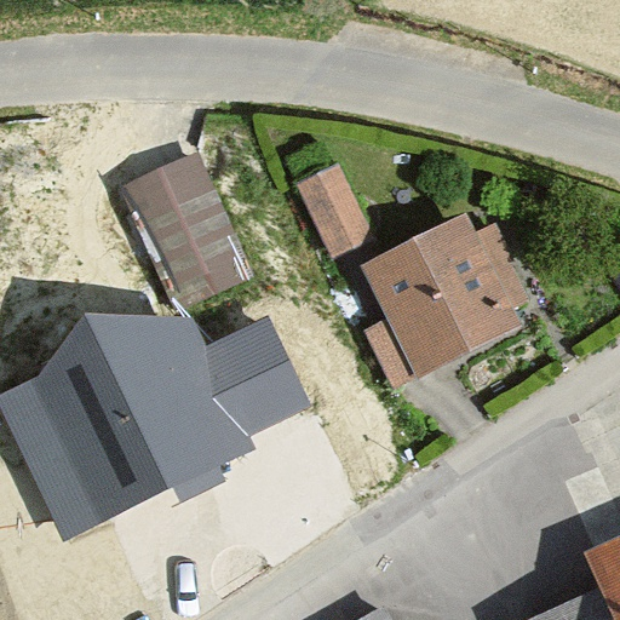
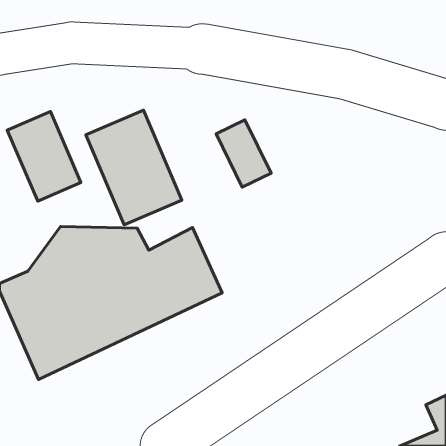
building: none -> [7,112,81,201]
building: [364,218,533,392] -> none

